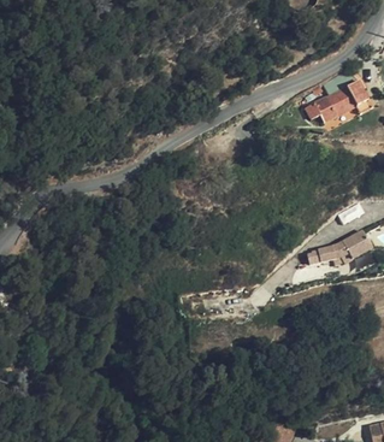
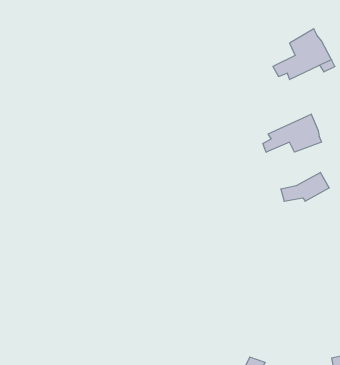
building: none -> [263,114,322,152]

